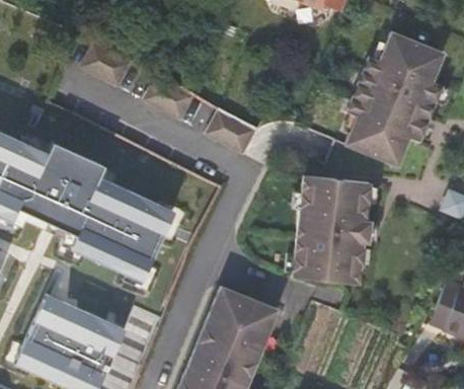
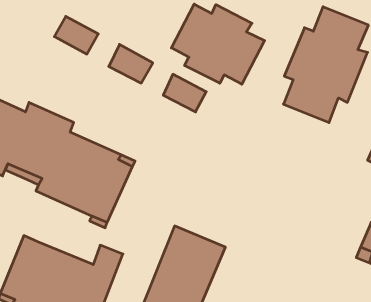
building: none -> [171,4,265,84]
building: [293,175,372,285] -> none

